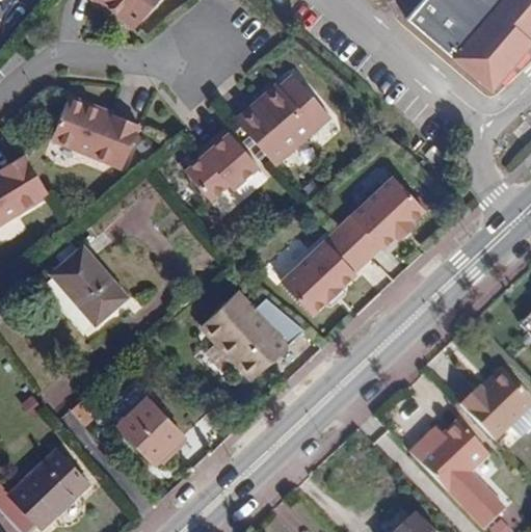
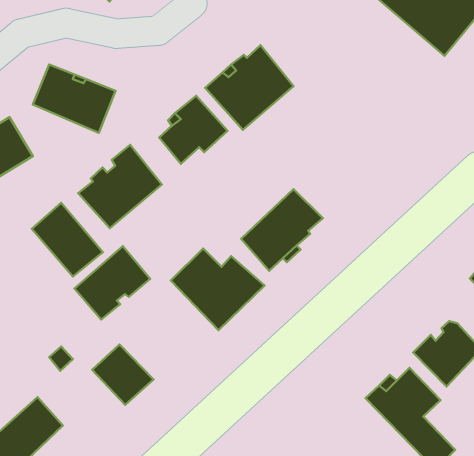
building: [333,179,419,261] -> none
building: none -> [78,145,162,228]
building: none -> [75,246,150,320]

